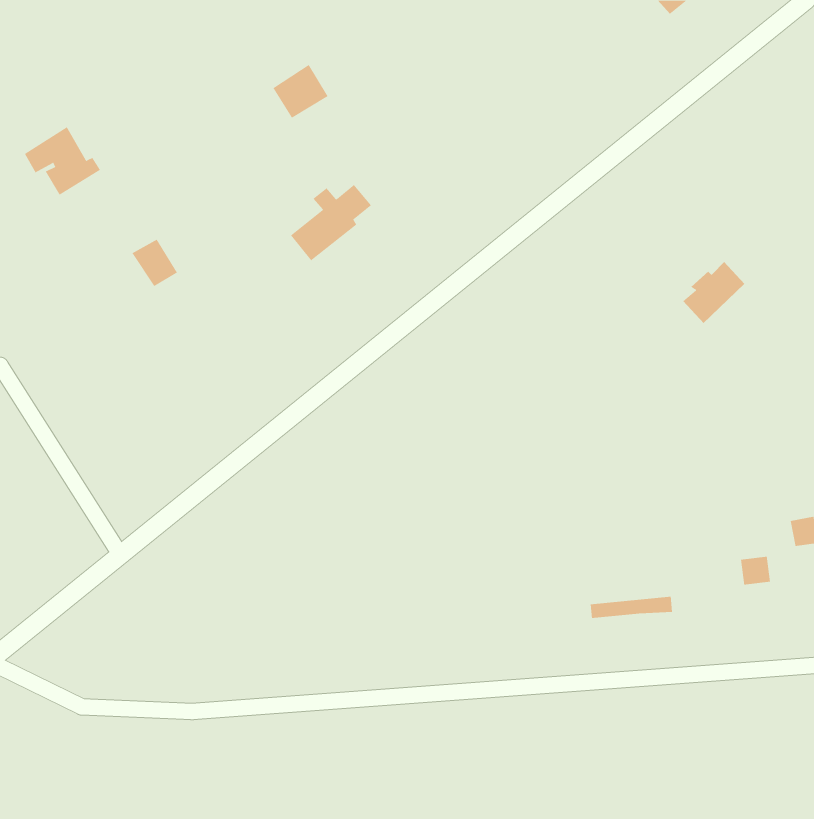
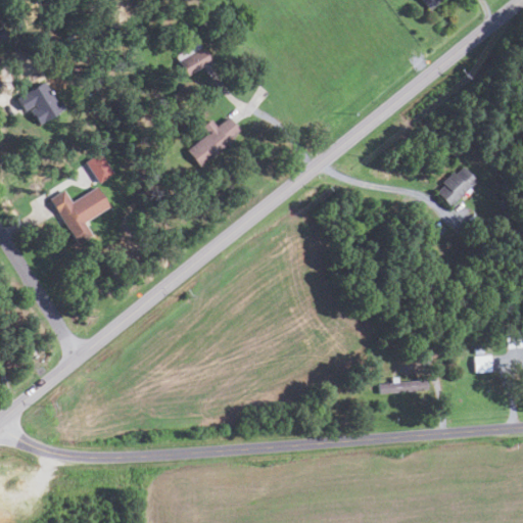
building: none -> [51,187,111,244]

